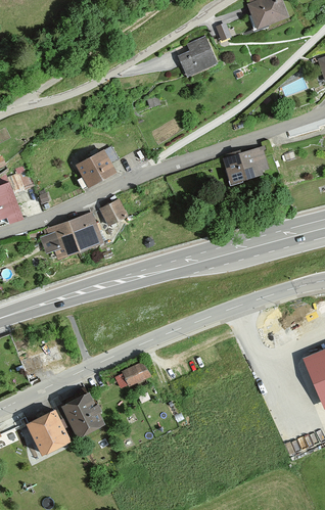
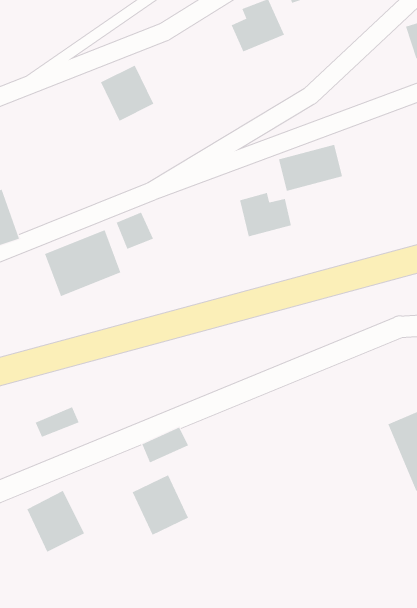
building: [74,144,114,187] -> [100,65,154,121]
building: none -> [240,192,292,237]
building: [62,391,105,437] -> [132,475,189,535]

